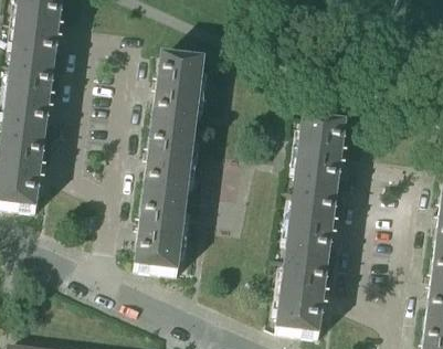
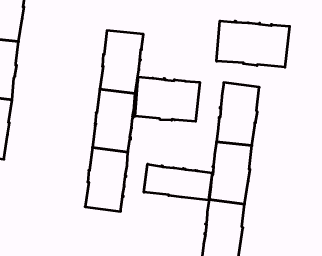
building: none -> [217,21,290,67]
building: none -> [135,77,200,121]
building: none -> [144,164,212,200]

